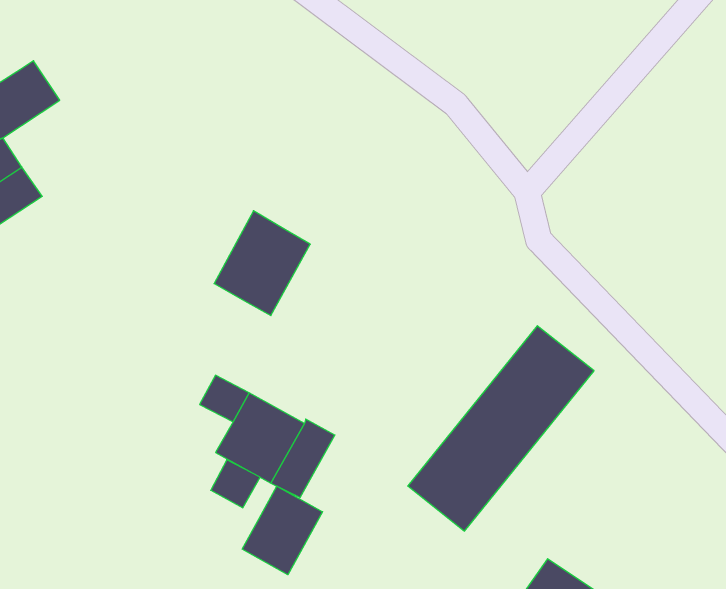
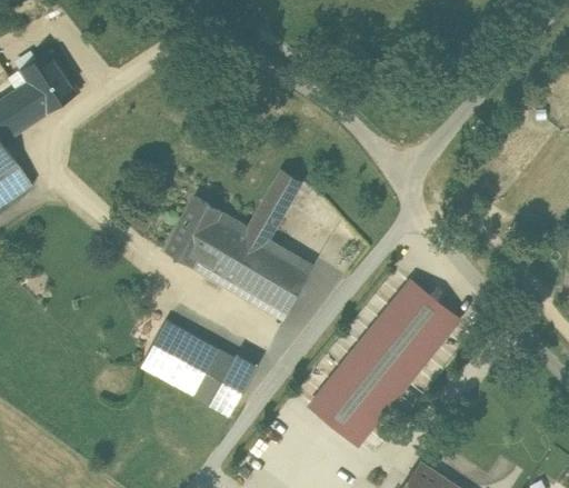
building: none -> [19,50,79,111]
building: none -> [208,169,312,320]
building: [211,460,260,508] -> [141,343,179,380]
building: [242,486,323,575] -> none

